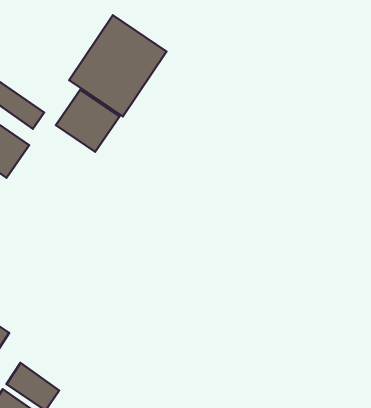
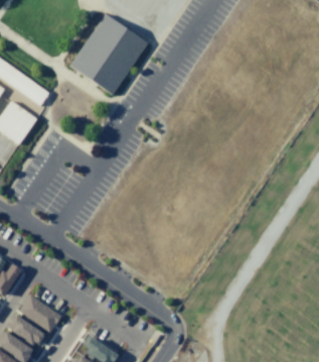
building: [56,90,120,152] -> none

